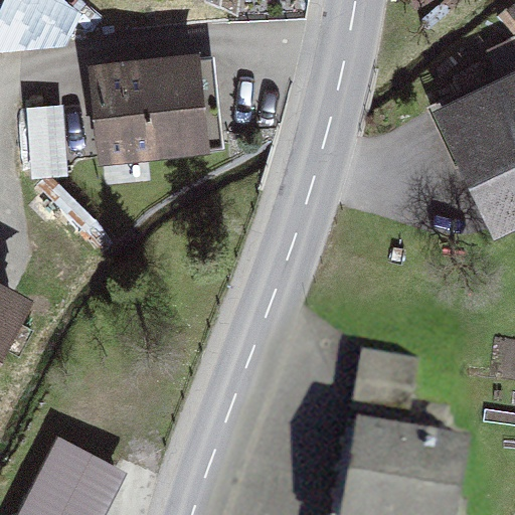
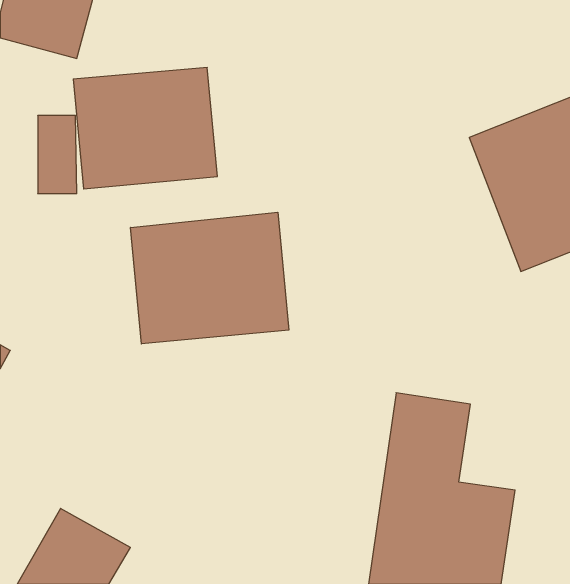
building: none -> [131,212,289,344]

